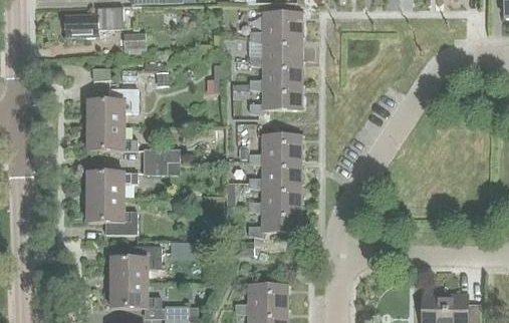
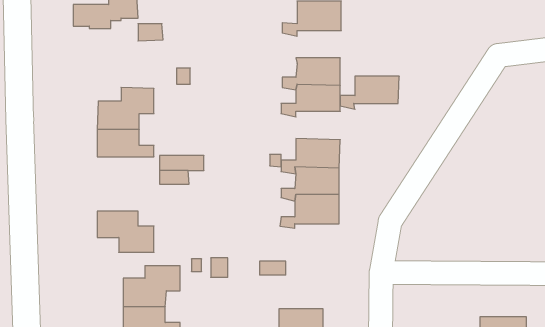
building: [250,38,302,67] -> [340,76,399,109]
building: [86,172,137,198] -> none
building: [249,209,300,236] -> none

